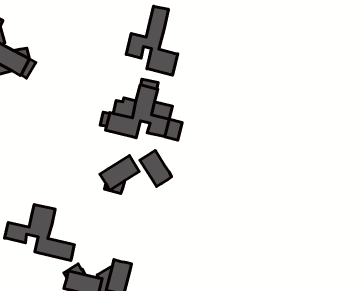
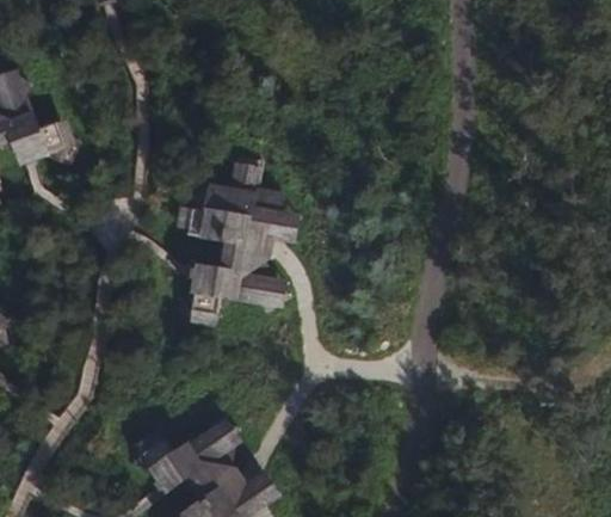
building: [126,6,178,75] -> none
building: none -> [193,217,271,304]
building: [4,204,75,260] -> none

